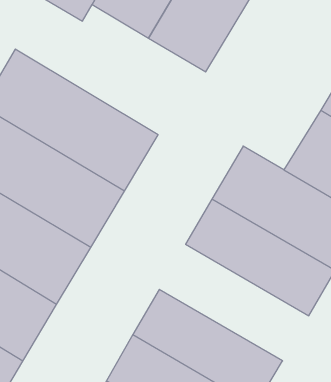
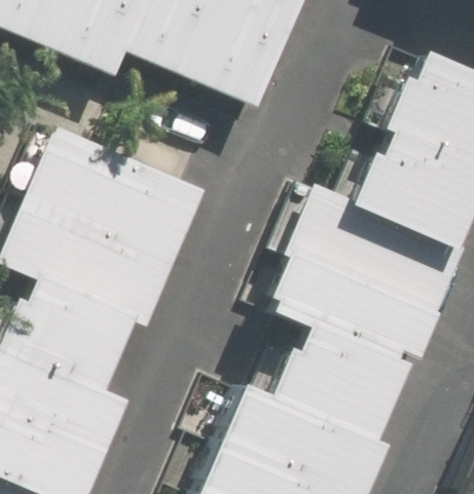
building: none -> [239,301,406,413]

